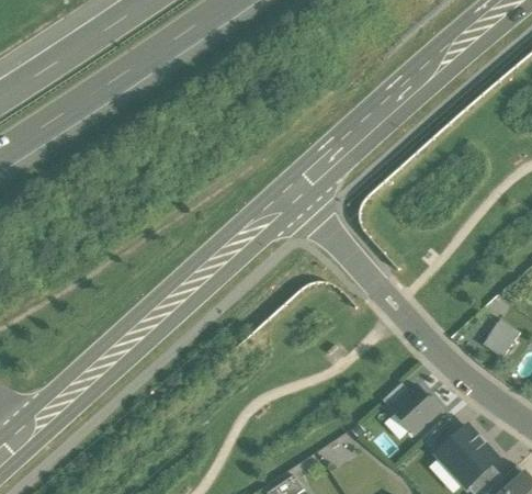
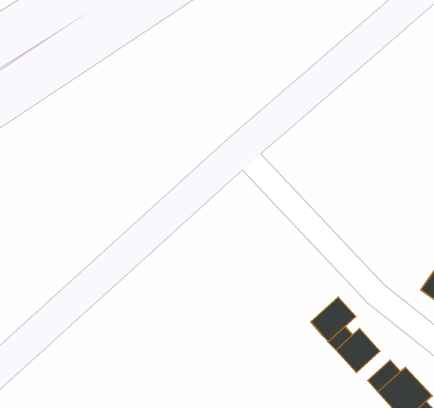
building: none -> [311,297,356,341]

